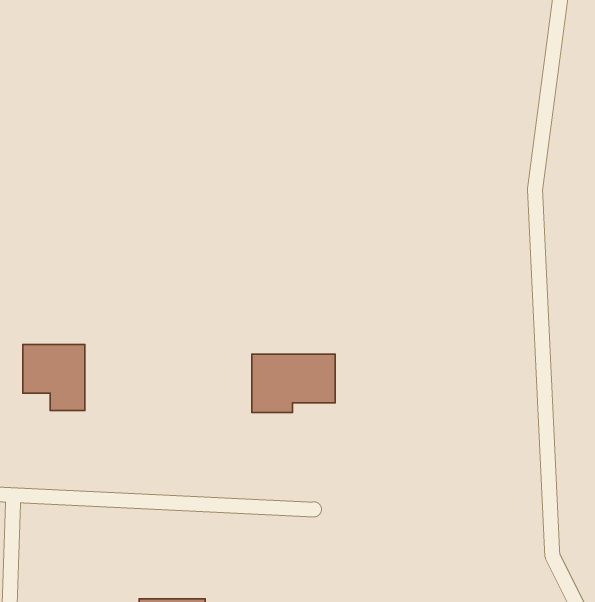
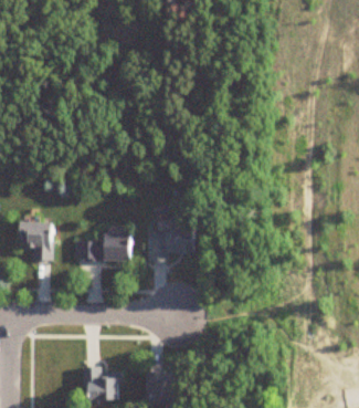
building: none -> [72,232,129,261]

